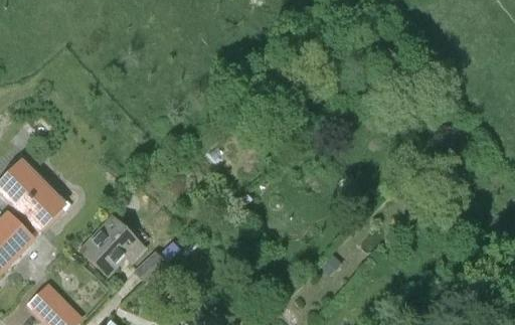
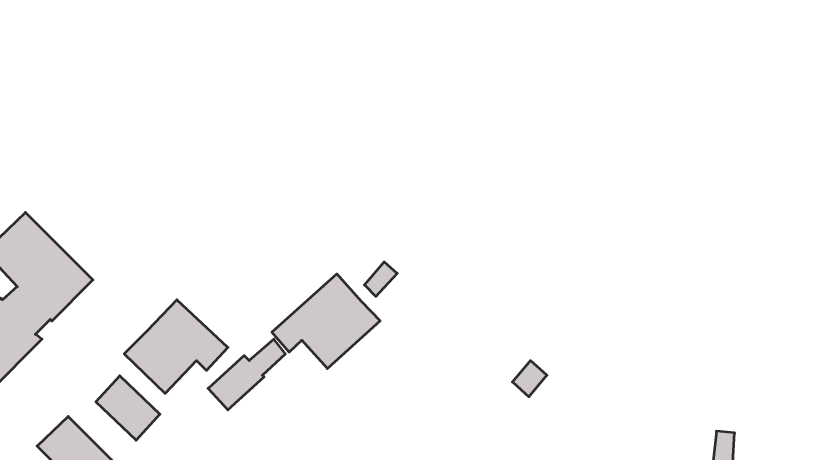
building: none -> [272,274,380,369]
building: none -> [96,376,160,440]

